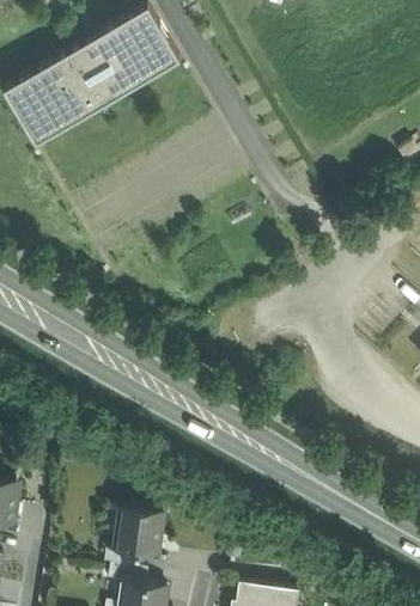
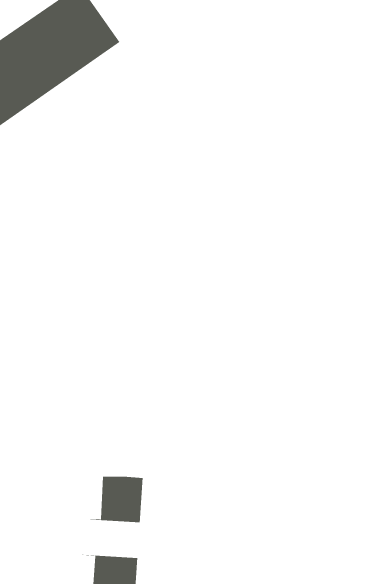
building: none -> [84,476,144,523]

